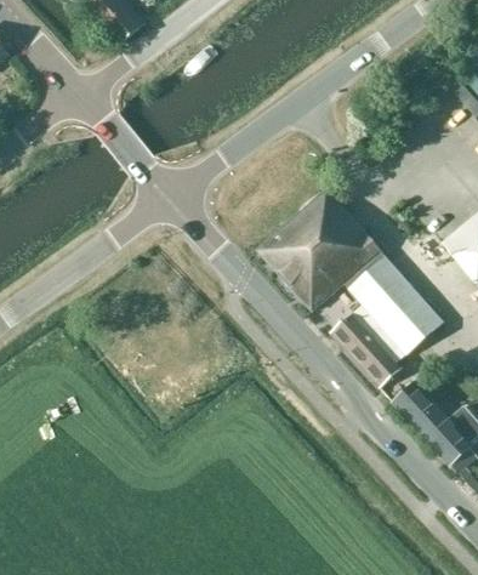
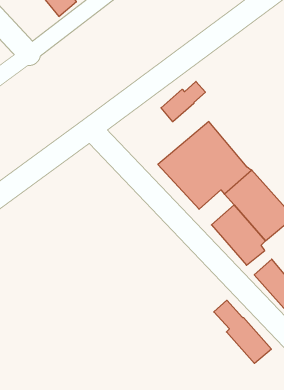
building: none -> [161,81,205,122]
building: none -> [214,300,271,363]

